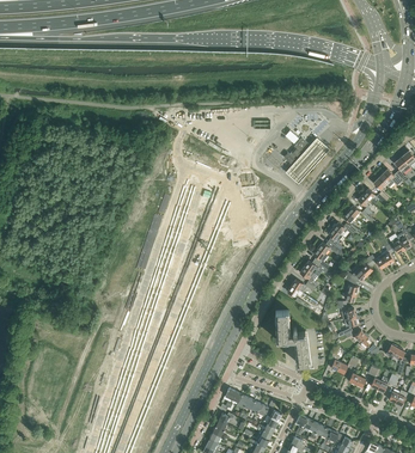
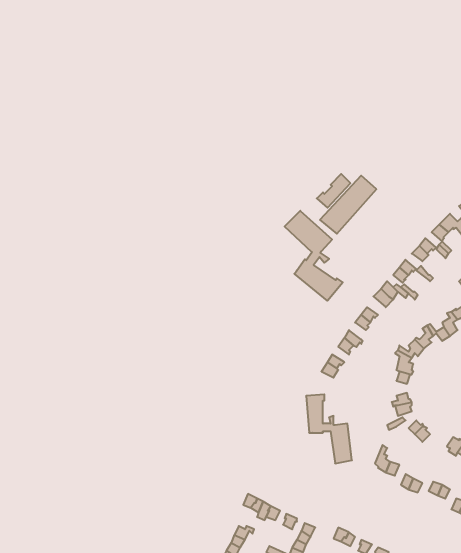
building: none -> [285,211,343,301]

